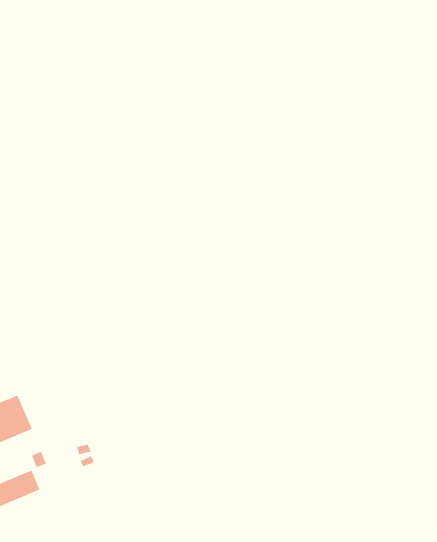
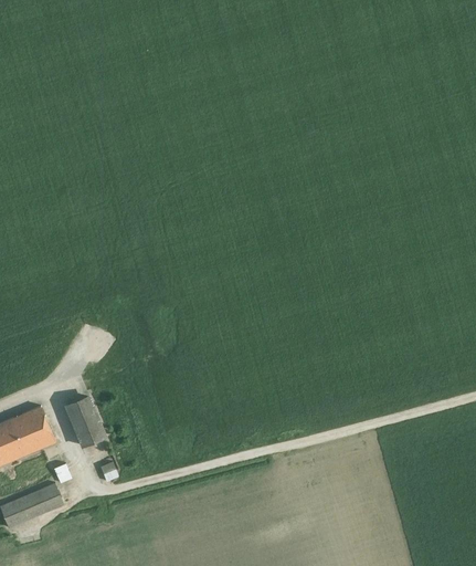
building: none -> [64,394,108,448]

